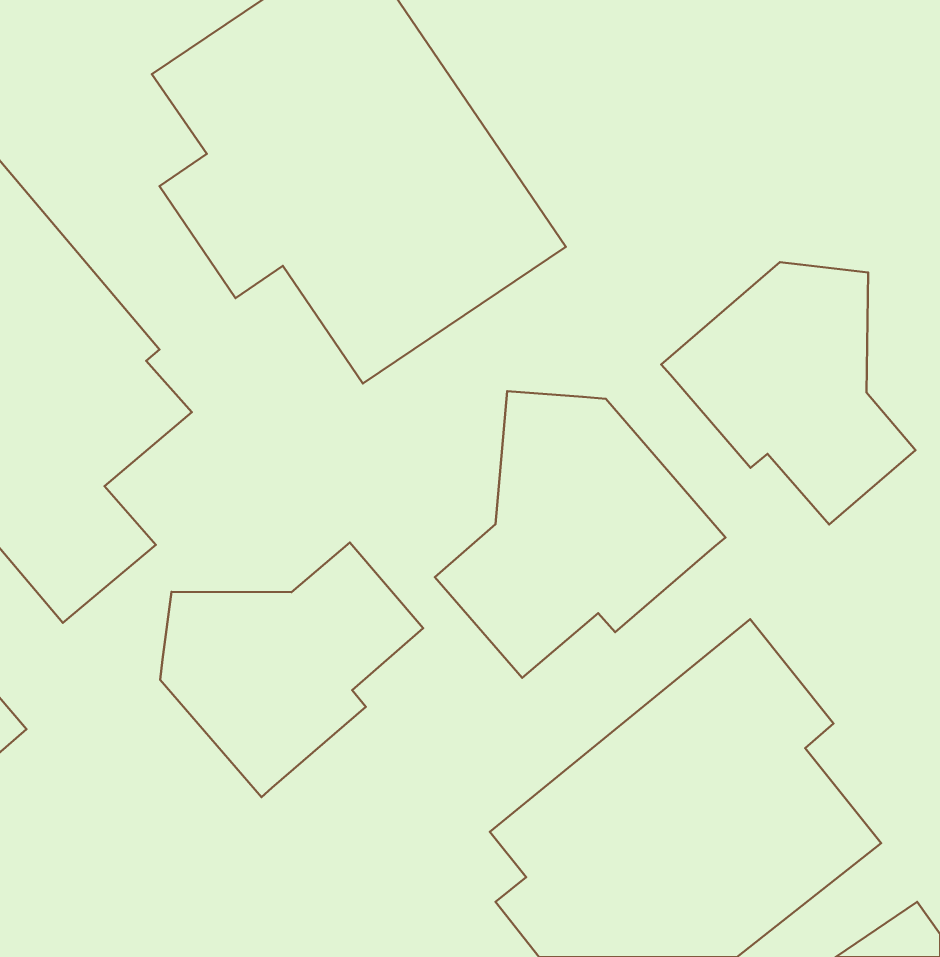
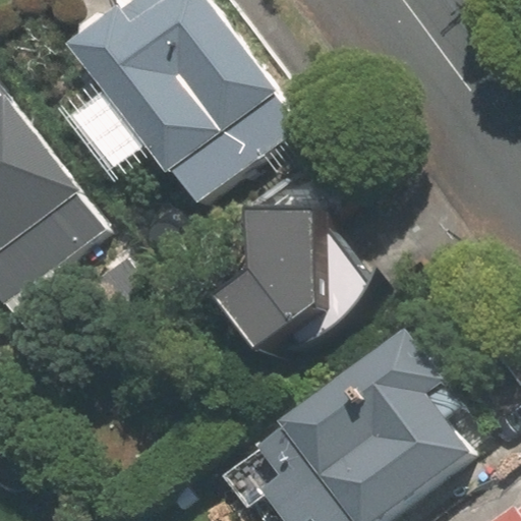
building: [661,262,916,524] -> none
building: [160,542,423,797] -> none

